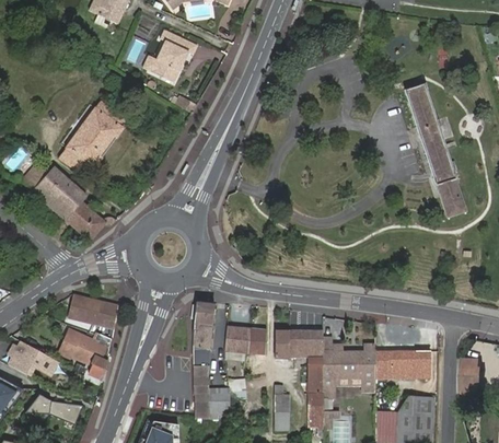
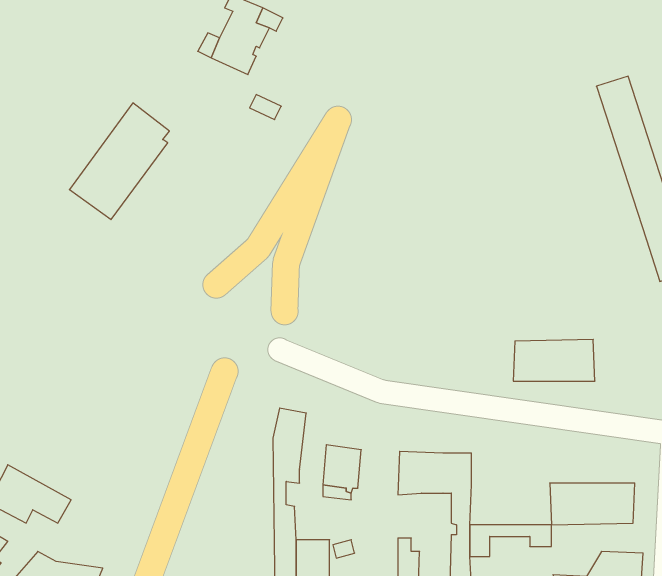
building: [33,166,117,241] -> none
building: [67,294,116,328] -> none
building: [248,328,267,355] -> none
building: [62,330,108,377] -> none
building: [322,350,375,377] -> [513,339,595,381]

